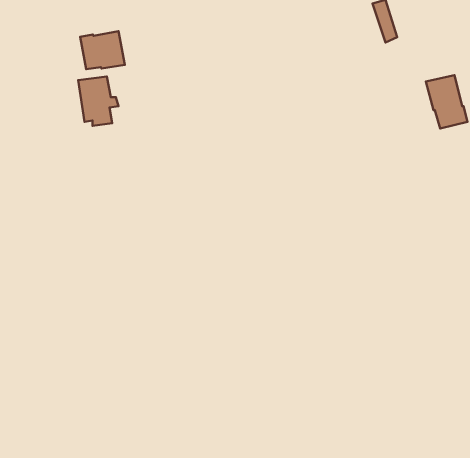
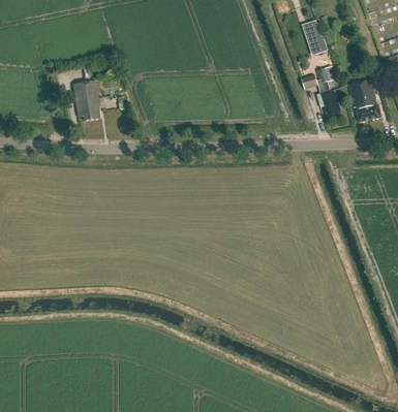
building: [80,31,125,69] -> none
building: none -> [301,66,340,115]

